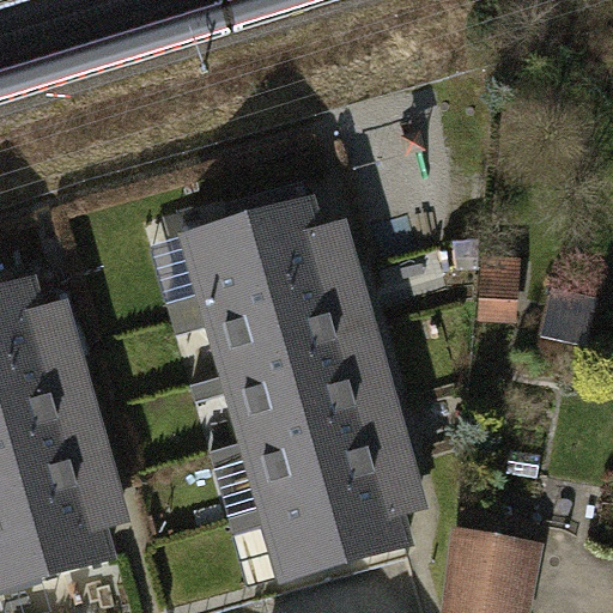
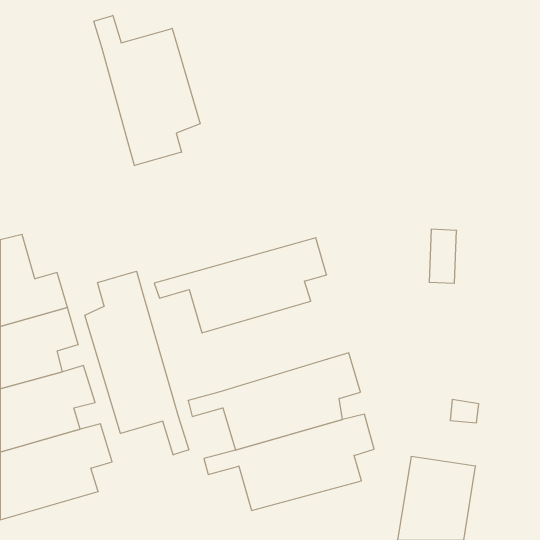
building: none -> [94,15,200,166]
building: [171,186,358,321] -> none
building: none -> [85,271,189,455]
building: [194,334,388,444] -> none

